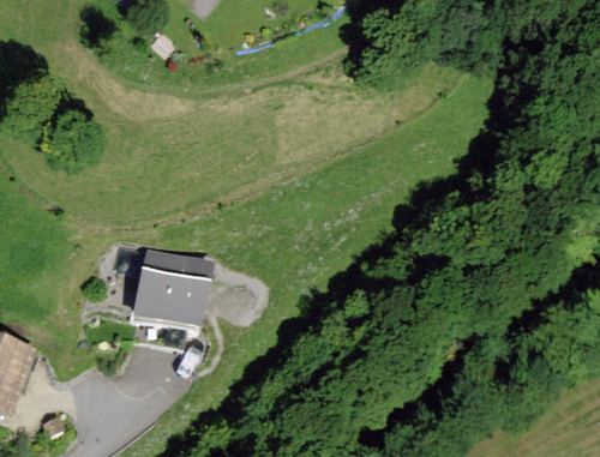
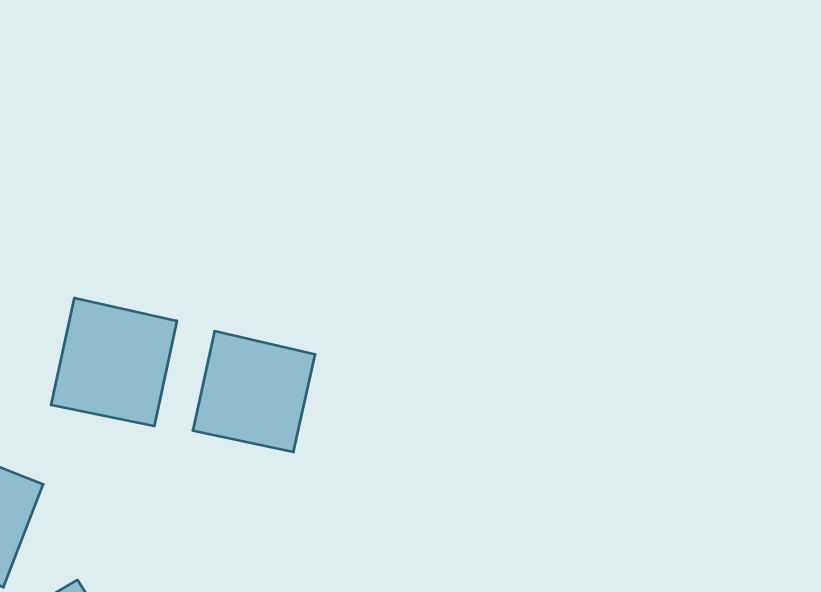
building: none -> [51,298,177,426]

